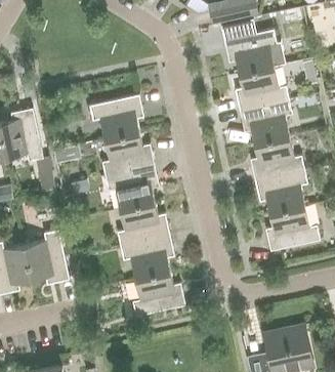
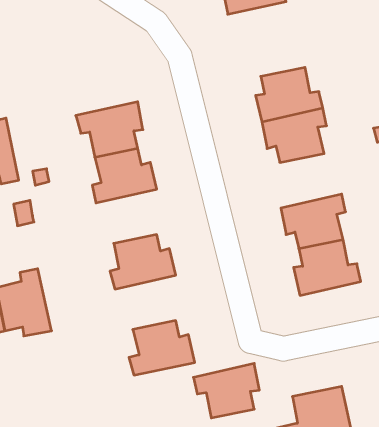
building: [221,19,285,74] -> none
building: [250,136,304,180] -> none
building: [106,165,159,209] -> none
building: [121,235,174,279] -> [193,363,259,418]

